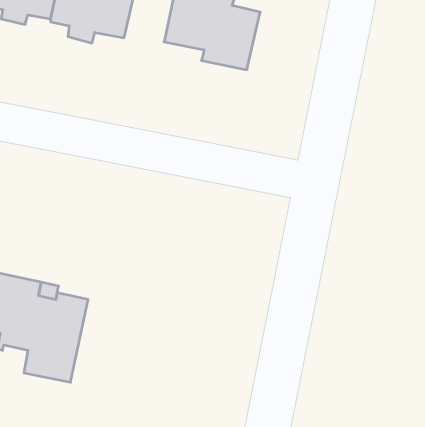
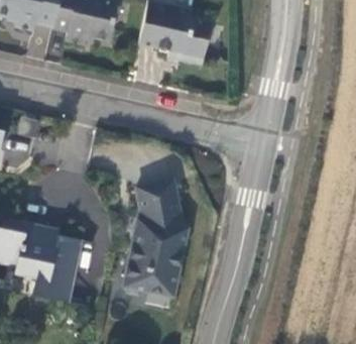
building: none -> [124,180,188,295]

